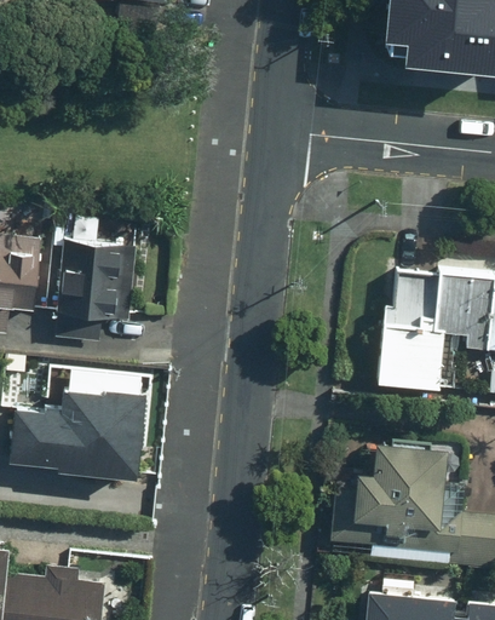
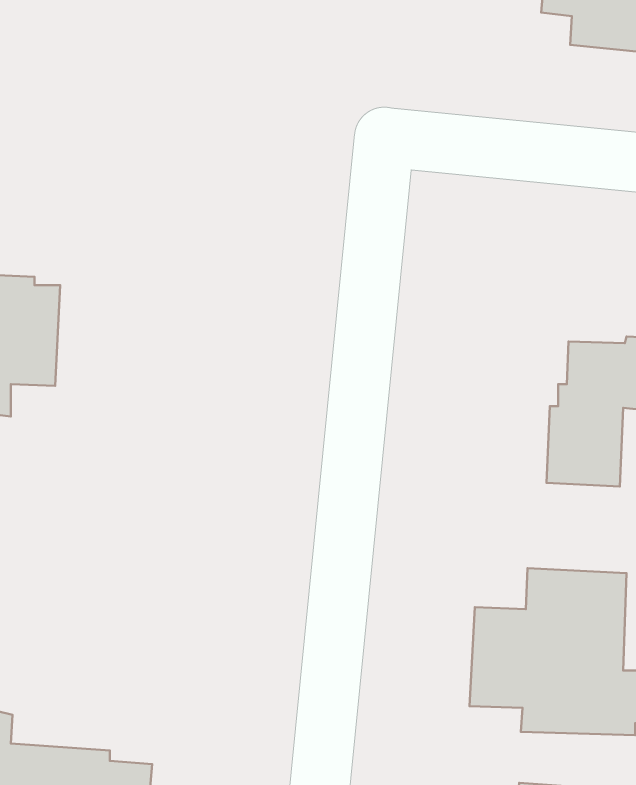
building: [58,237,122,340] -> none
building: [11,388,143,471] -> none

